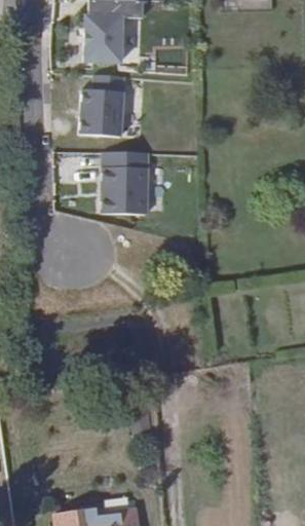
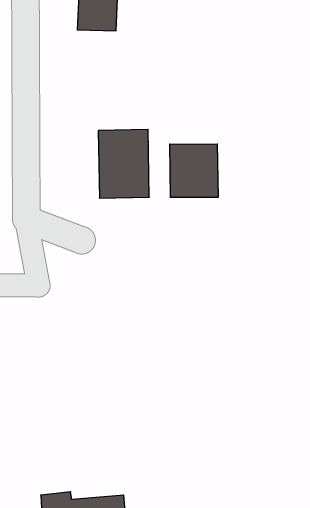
building: [83,90,128,139] -> none
building: none -> [170,144,218,197]

